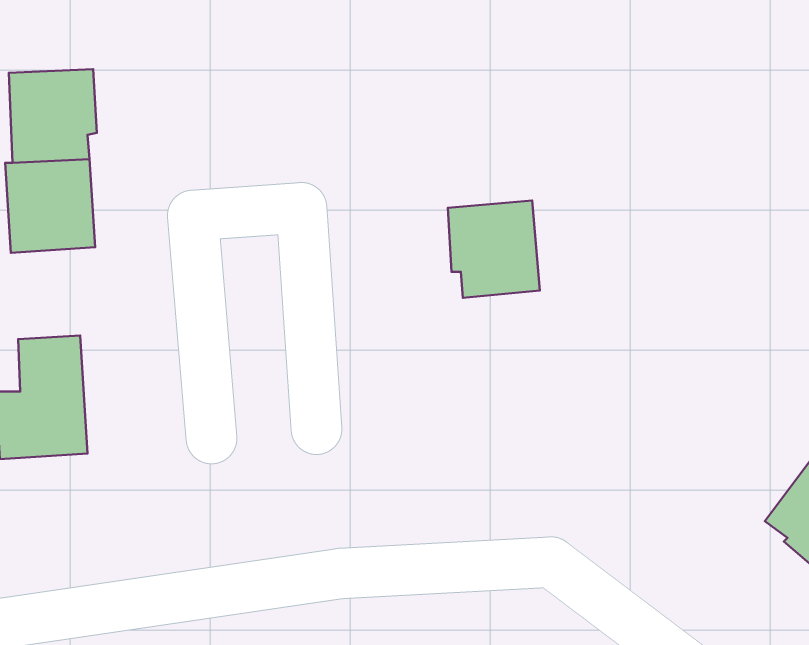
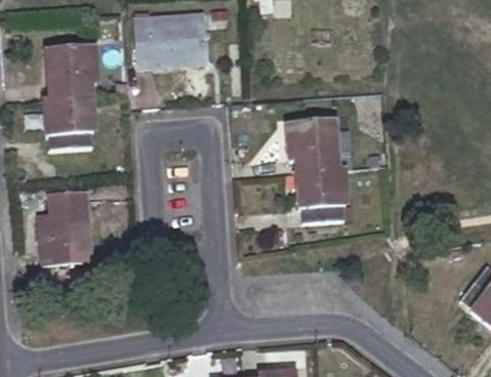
building: none -> [135,15,205,66]
building: none -> [296,167,345,220]

